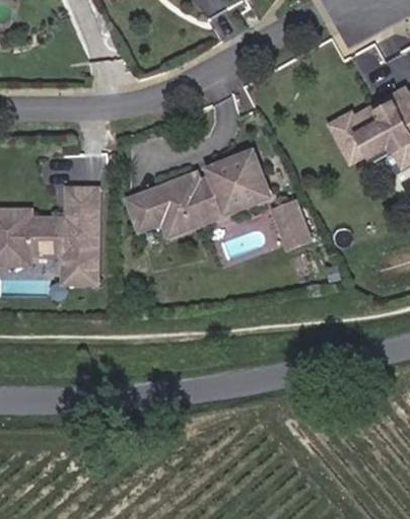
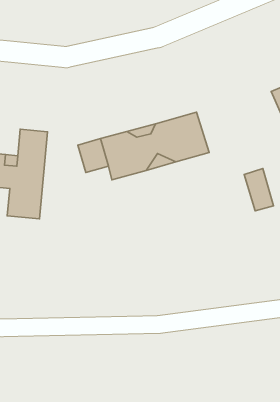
building: [275,202,310,247] -> [244,168,274,211]

